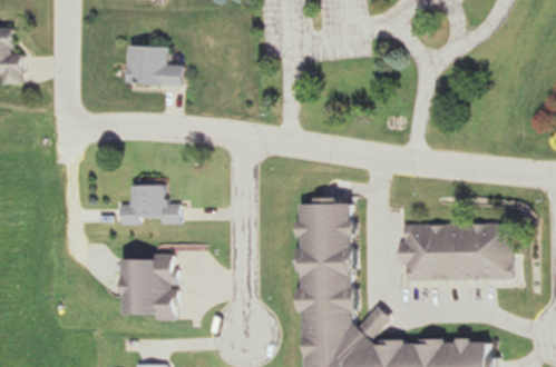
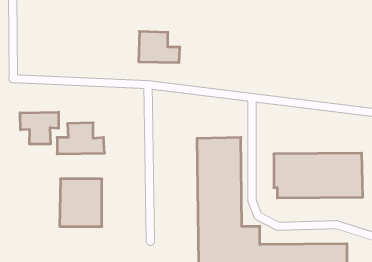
building: [128,46,182,86] -> [139,31,180,63]
building: none -> [20,112,59,144]

